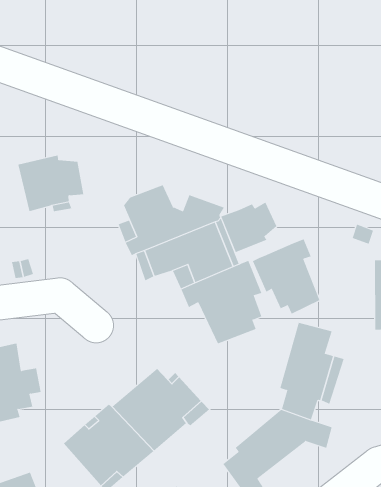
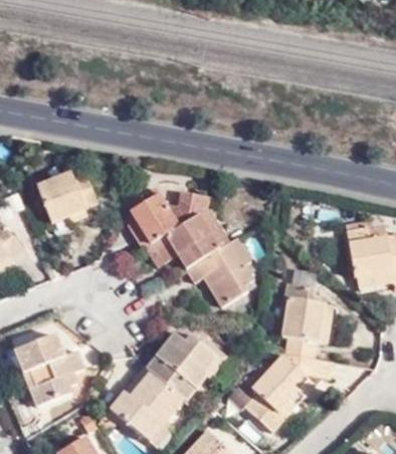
building: [221,202,277,253] -> none
building: [252,238,320,315] -> none

